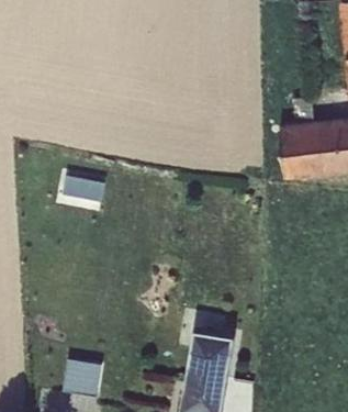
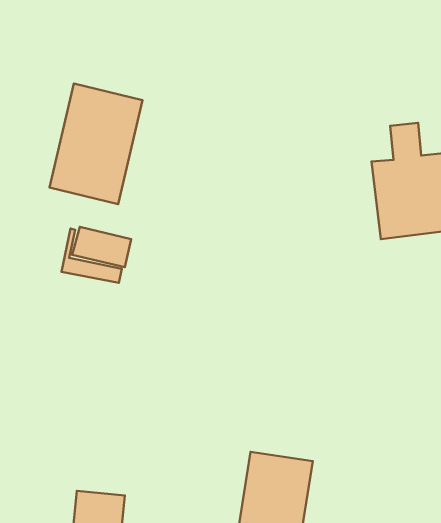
building: none -> [50,84,142,204]

